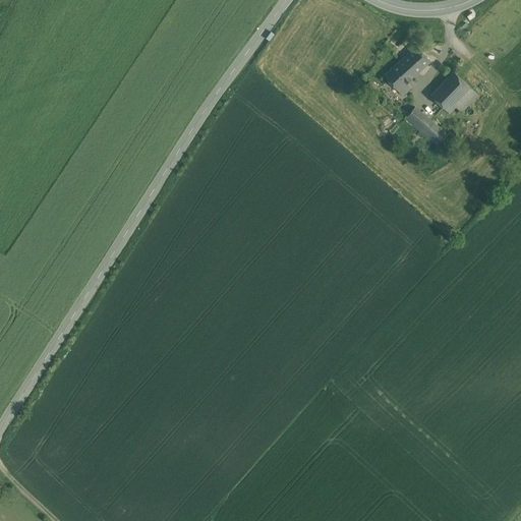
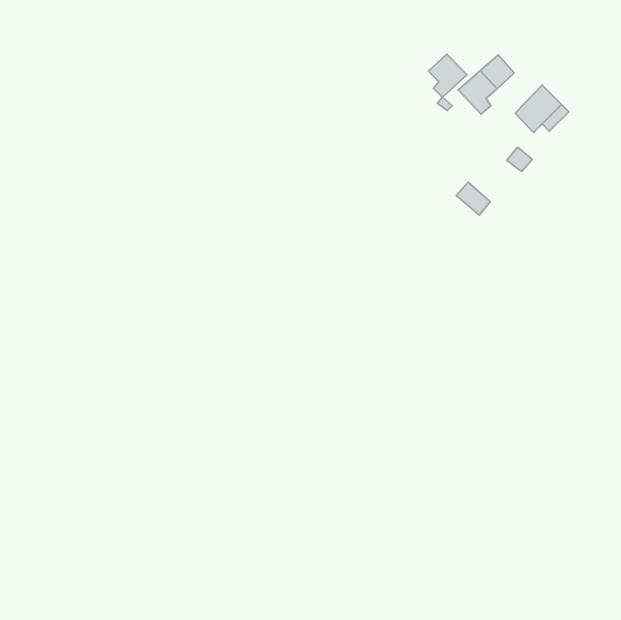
building: none -> [429,54,467,97]
building: [405,108,433,135] -> [456,182,490,215]

